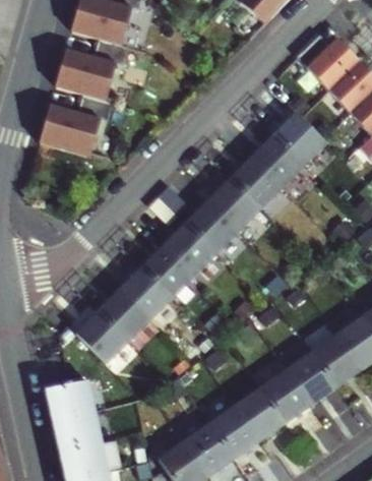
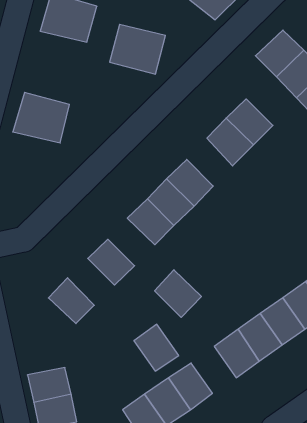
building: [54,48,116,103] -> [110,24,165,74]
building: [231,156,282,208] -> none
building: [143,244,195,297] -> [155,270,201,317]
building: [99,289,150,341] -> none
building: [48,382,96,418] -> none
building: [236,386,286,438] -> [134,324,179,371]

